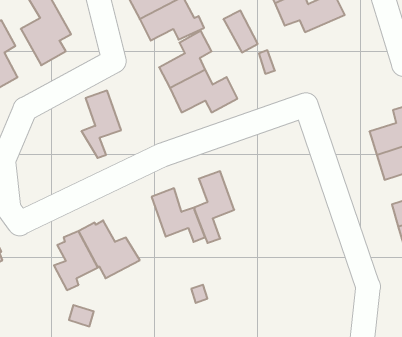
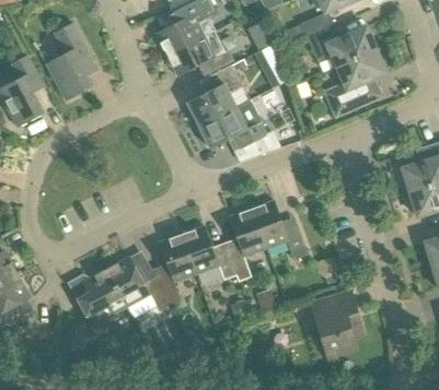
building: none -> [322,48,386,117]
building: [81,91,121,158] -> [153,234,194,303]
building: none -> [250,200,307,259]
building: none -> [308,291,362,356]

